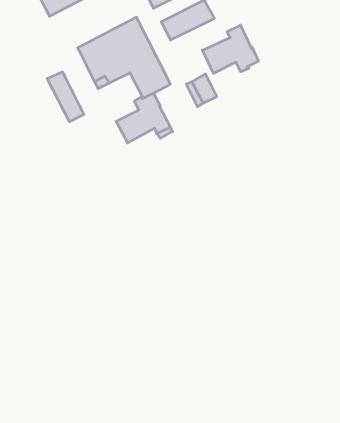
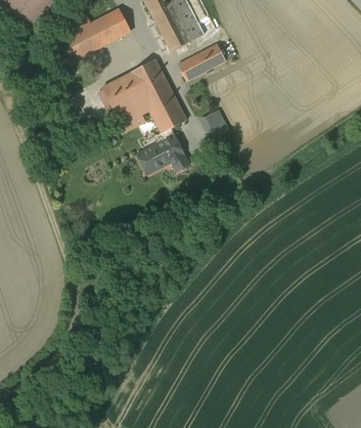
building: [202,25,258,73] -> none
building: [47,72,84,122] -> none

